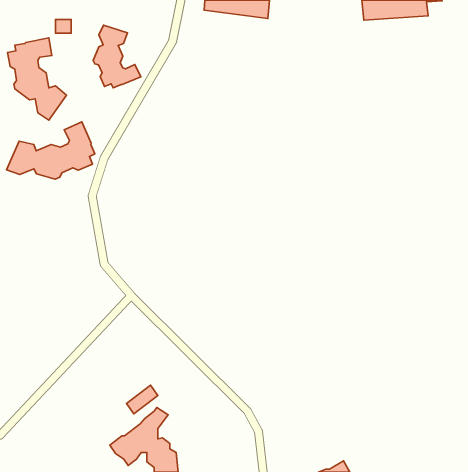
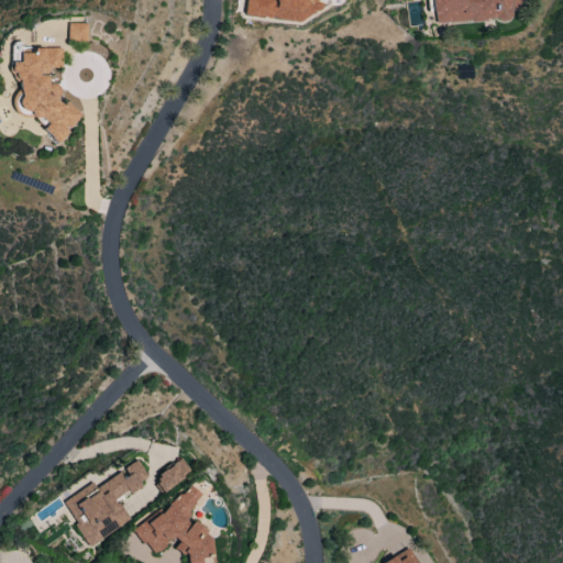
building: [93,25,141,88] -> none
building: [6,122,95,179] -> none
building: none -> [65,460,152,545]

